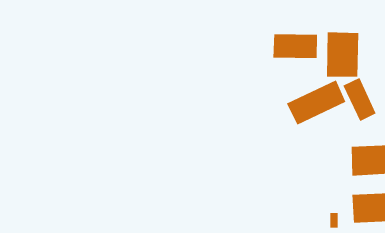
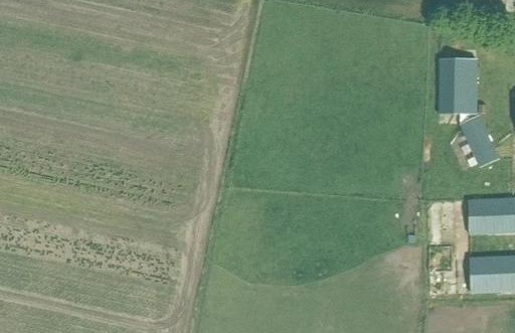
building: [273,33,318,59] -> none
building: [286,79,346,125] -> none

